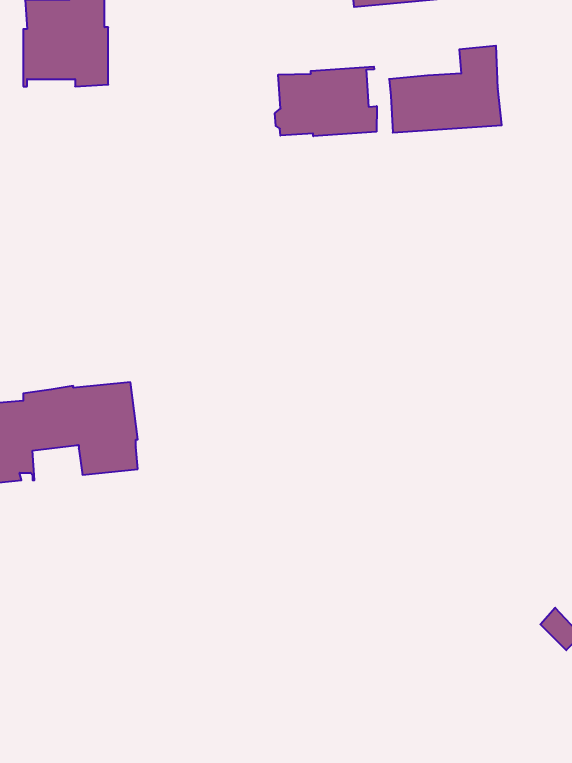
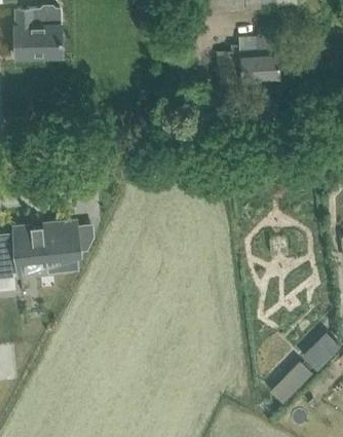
building: [275,67,377,136] -> none
building: none -> [269,360,311,403]

